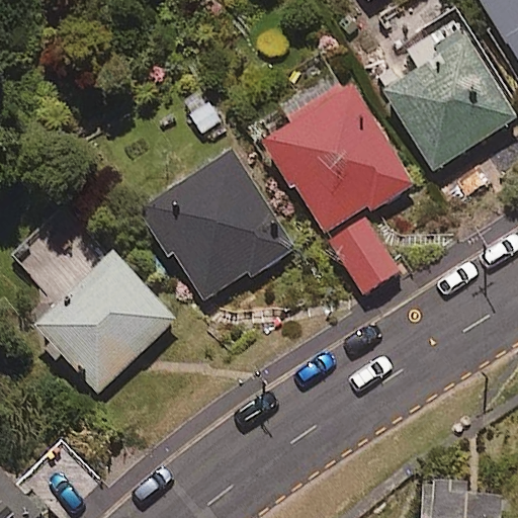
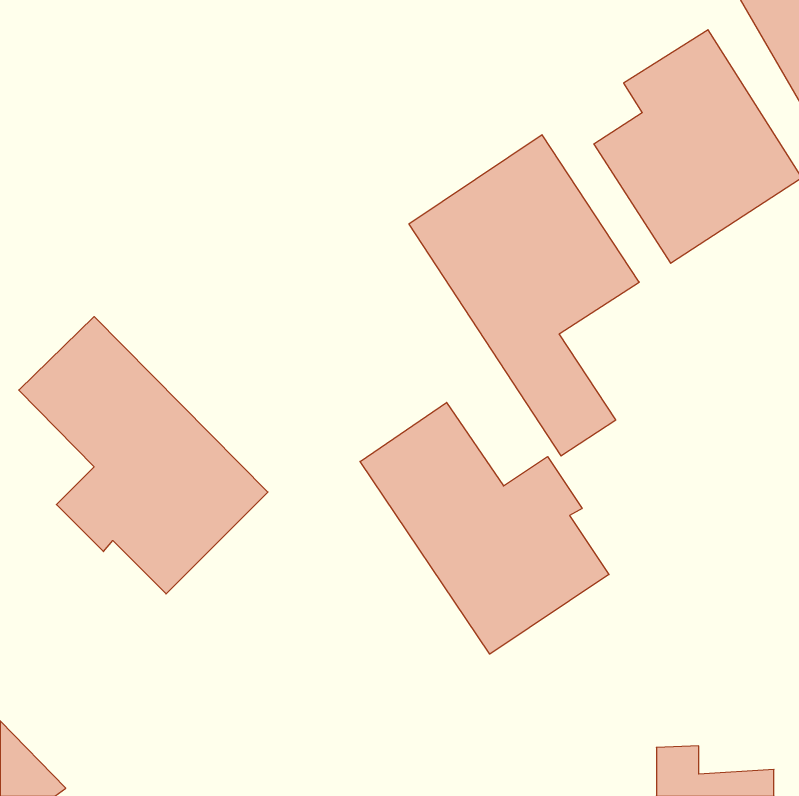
building: [139,151,295,299] -> none
building: none -> [360,402,609,654]

